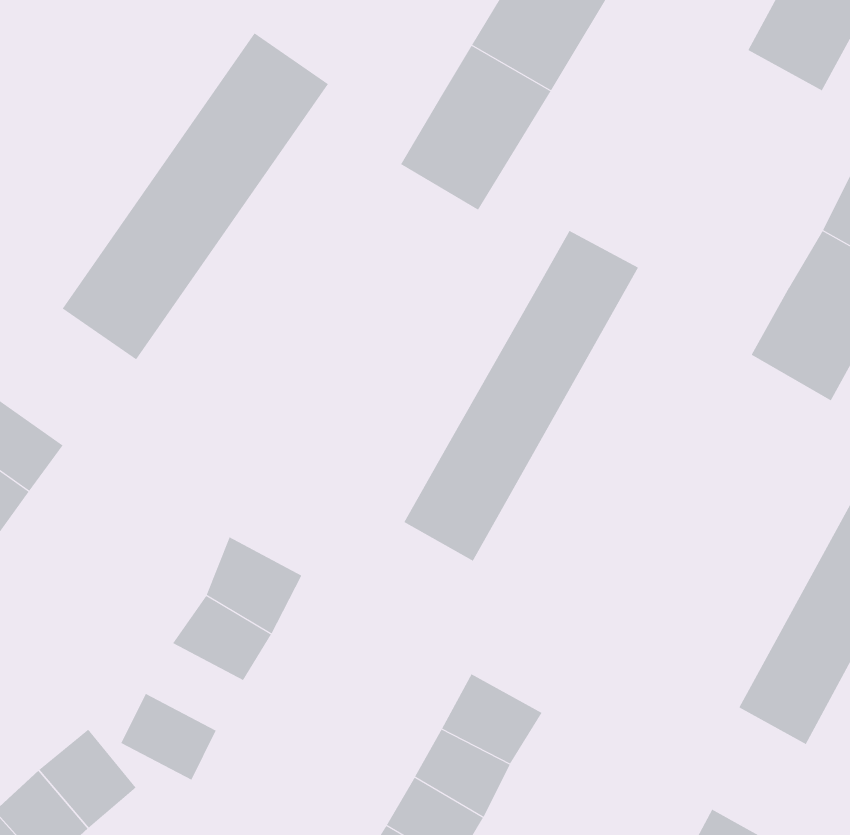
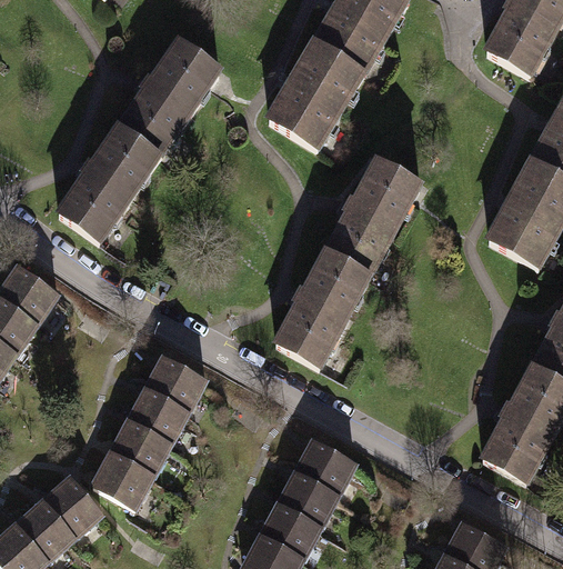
building: none -> [110,419,171,473]

